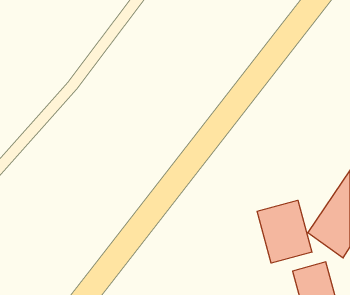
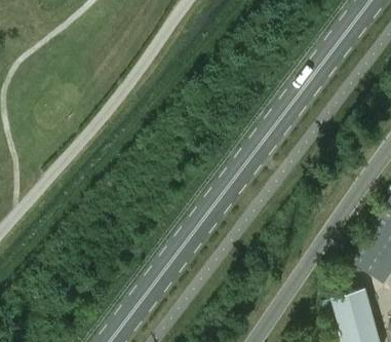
building: [257,200,312,263] -> none

